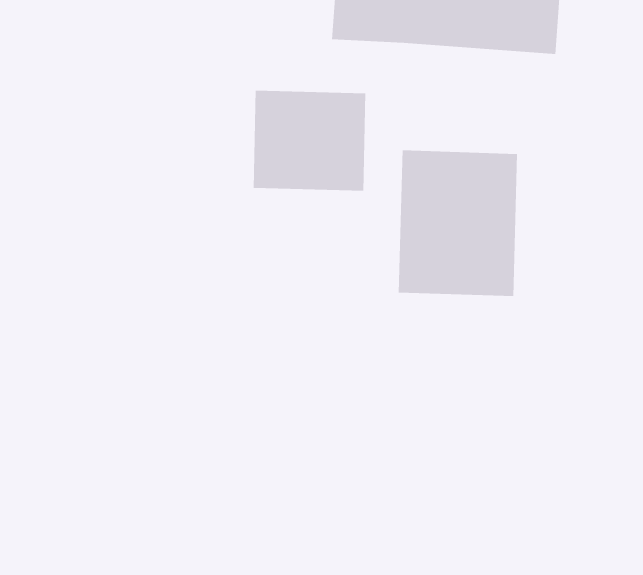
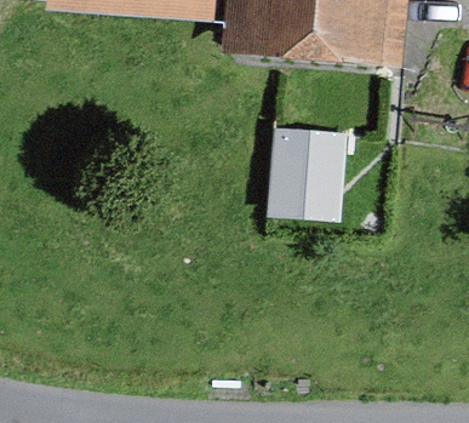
building: [253,90,366,192] -> none

